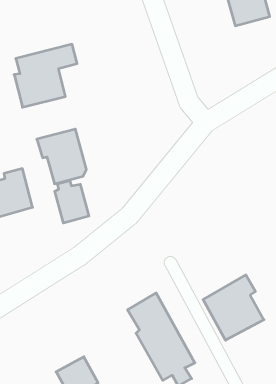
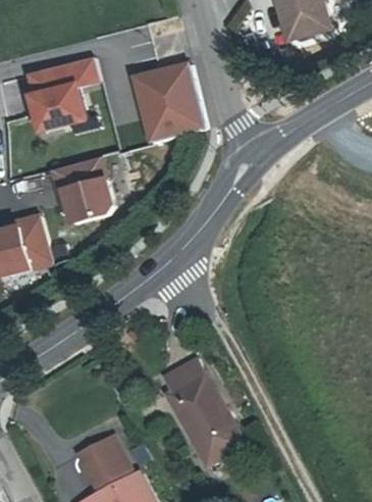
building: none -> [131,62,204,143]
building: [55,181,89,223] -> none
building: [203,275,264,340] -> none

